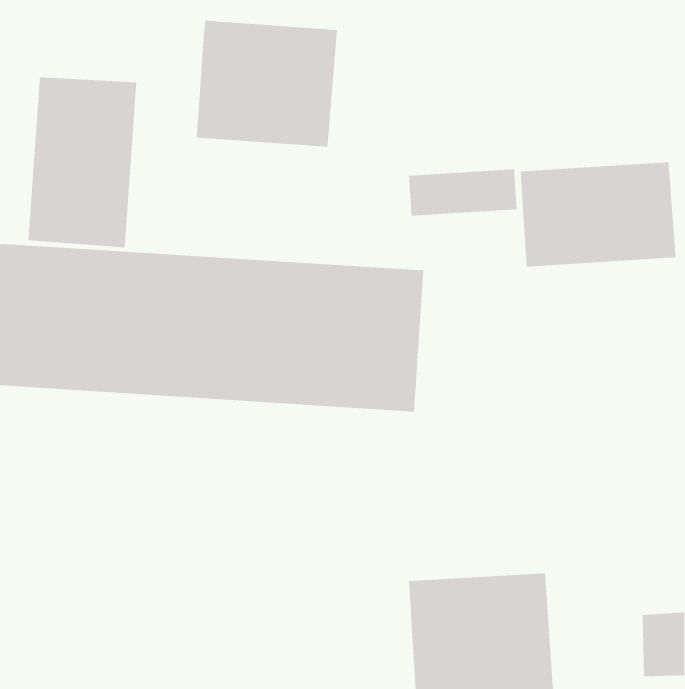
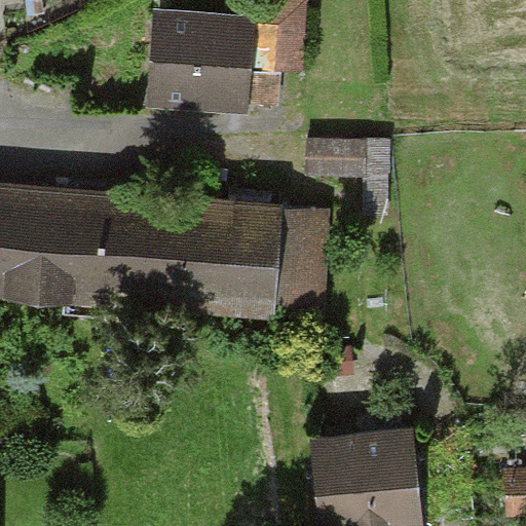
building: [28,76,137,248] -> none
building: [520,161,676,267] -> none

